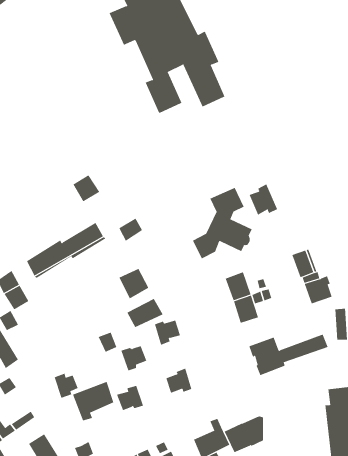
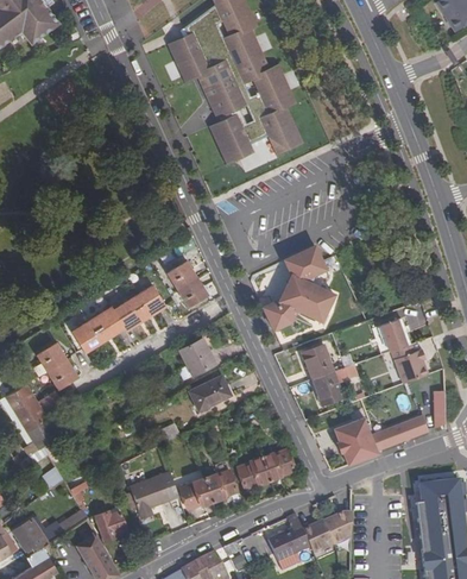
building: [73,174,100,202] -> [168,263,200,295]
building: [249,184,278,215] -> none
building: [154,320,181,346] -> [258,452,289,482]
building: [121,345,147,371] -> [201,471,232,501]
building: [54,373,78,399] -> [94,510,122,540]

